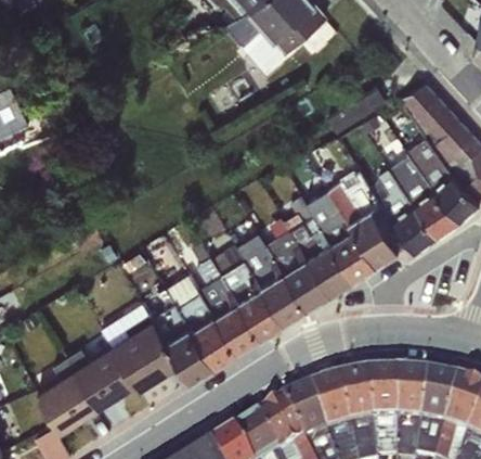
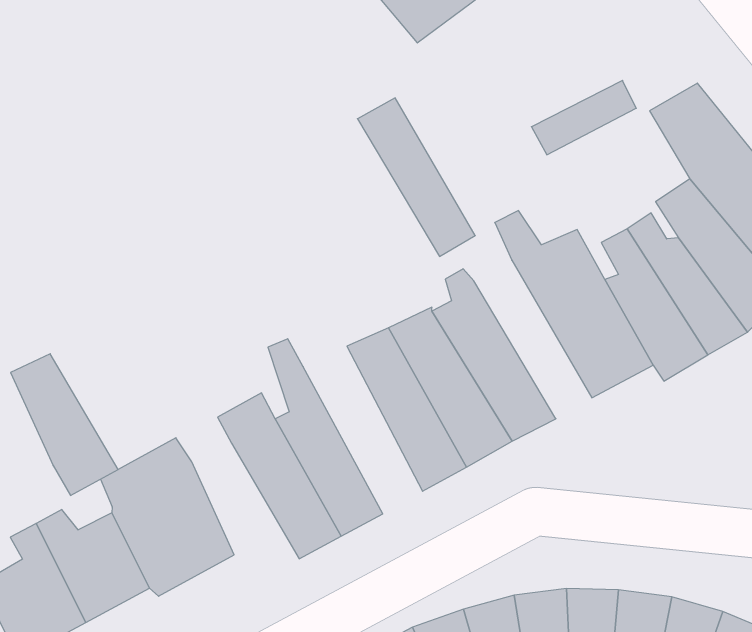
building: [304,190,375,278] -> [357,98,475,256]
building: [211,244,283,337] -> none
building: [152,303,216,382] -> [11,354,118,495]

